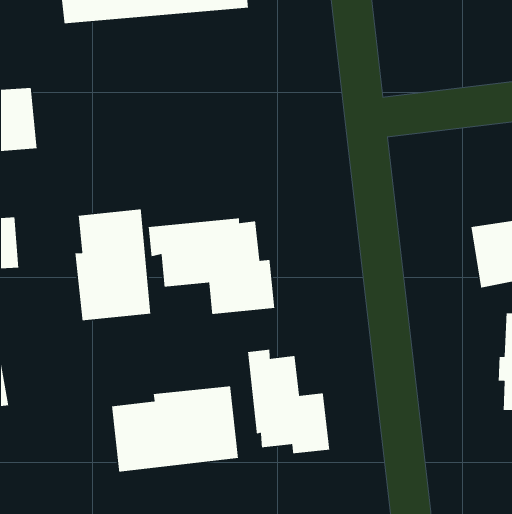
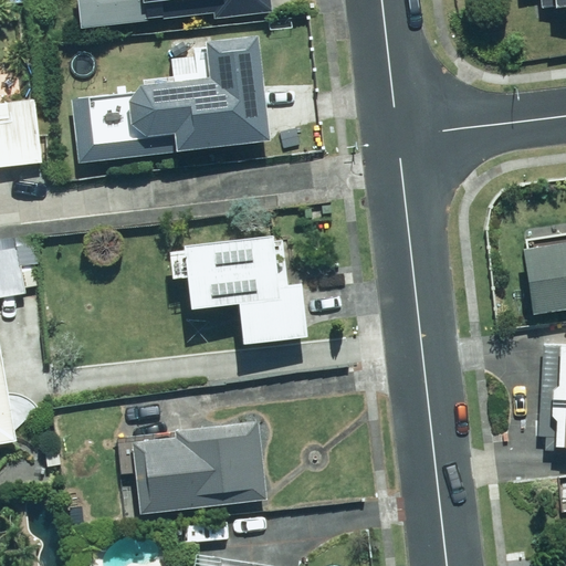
building: none -> [72,34,269,161]
building: [75,209,151,321] -> none
building: [247,349,330,454] -> none

